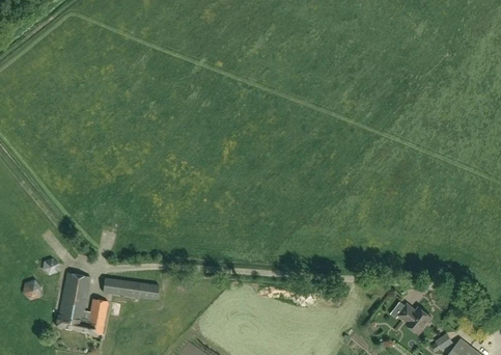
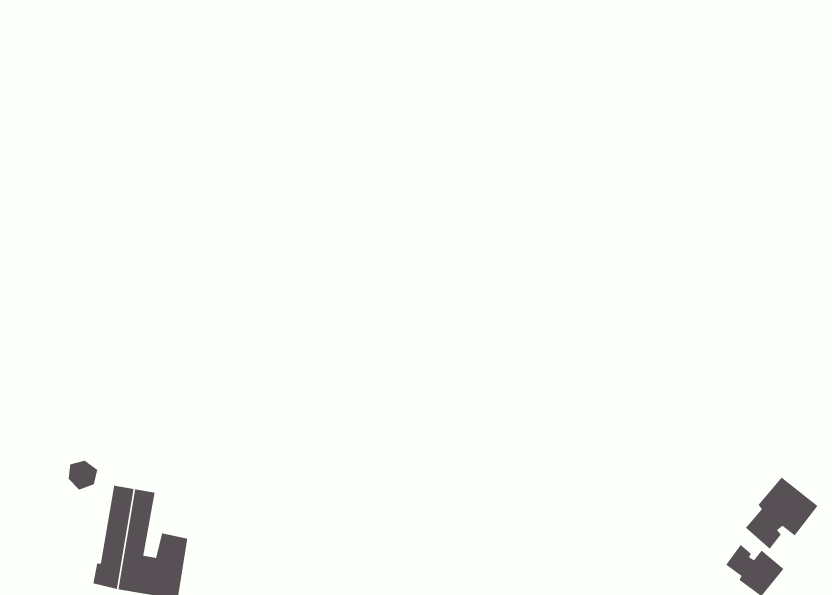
building: none -> [745,477,818,550]
building: [102,277,158,299] -> none

